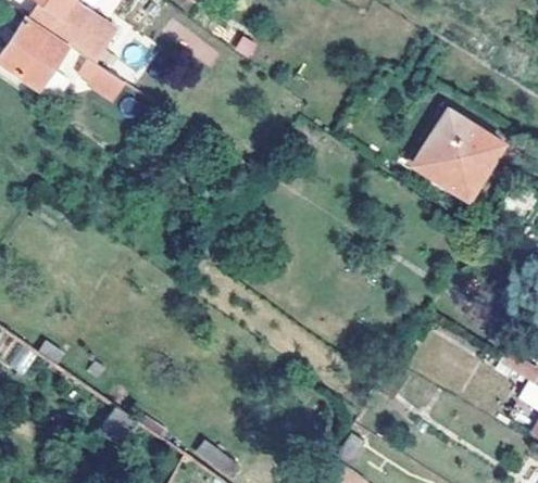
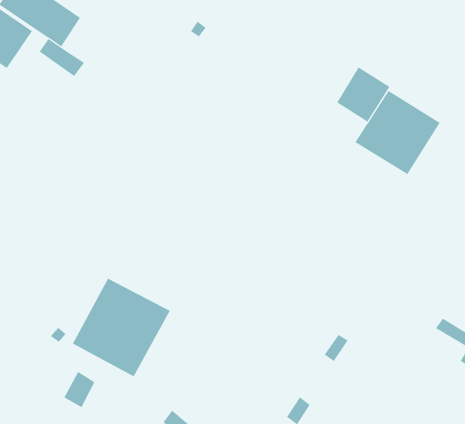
building: none -> [337,66,390,122]
building: none -> [72,278,171,377]

